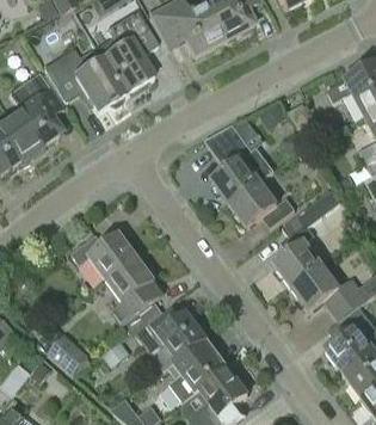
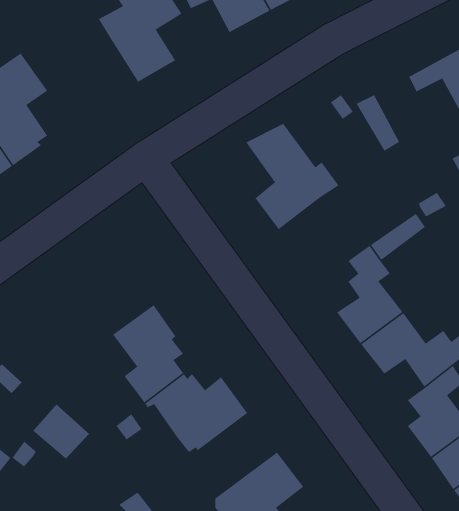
building: [43,47,124,111] -> none
building: [229,179,295,227] -> none
building: [70,233,136,281] -> none
building: [168,339,228,402] -> none

